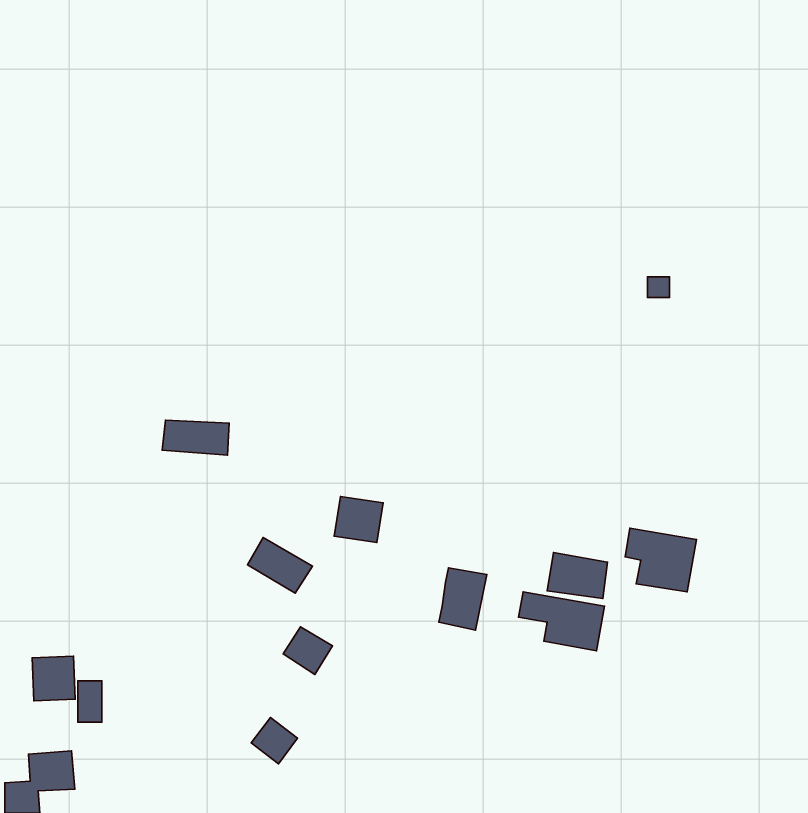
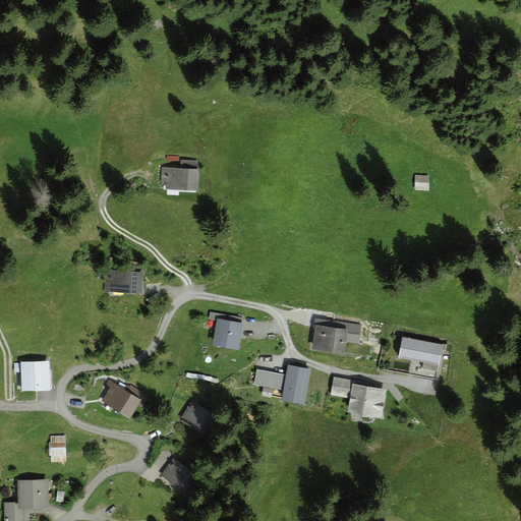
building: none -> [162,169,198,193]
building: [247,538,313,593] -> [101,382,142,417]
building: [547,552,607,599] -> [312,323,351,352]
building: none -> [253,367,285,388]
building: [32,656,75,701] -> [18,361,46,390]

